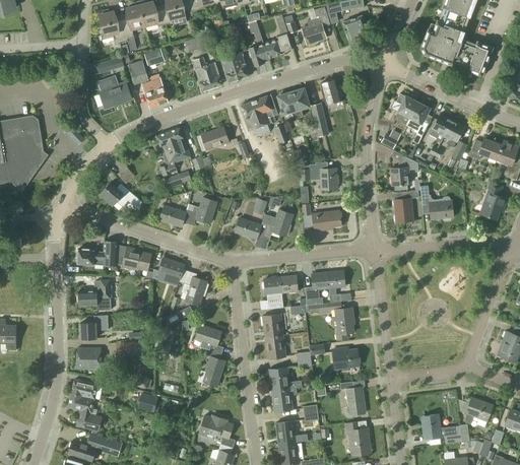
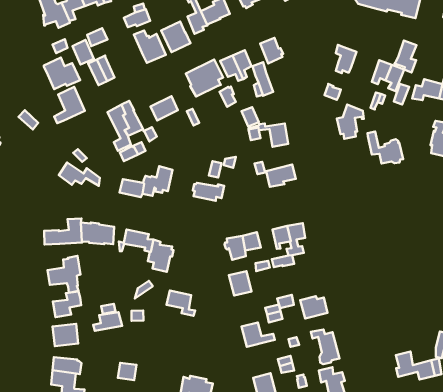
building: [405,103,430,136] -> [395,41,416,73]
building: none -> [54,87,85,123]
building: [393,191,418,222] -> none
building: [262,209,292,239] -> none
building: [331,307,353,341] -> none
building: [265,335,285,358] -> none
building: [197,349,225,386] -> none
building: [272,388,297,411] -> none

